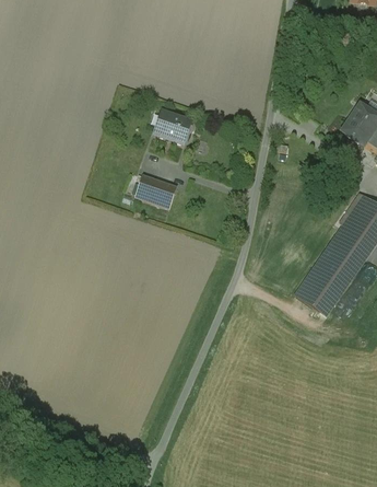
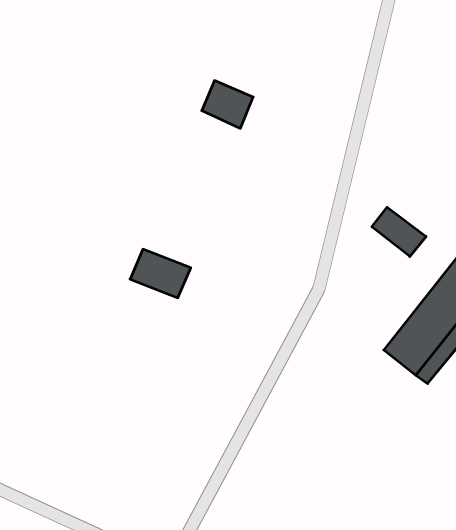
building: [134,174,177,207] -> [130,249,191,298]
building: none -> [372,207,426,257]

